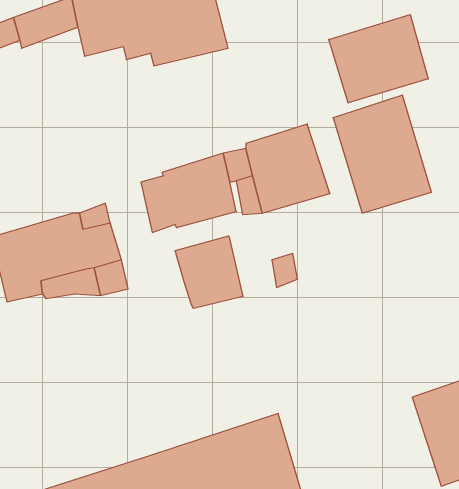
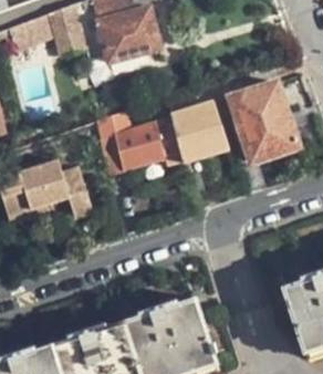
building: [329,15,428,103] -> none
building: [175,236,243,308] -> none

